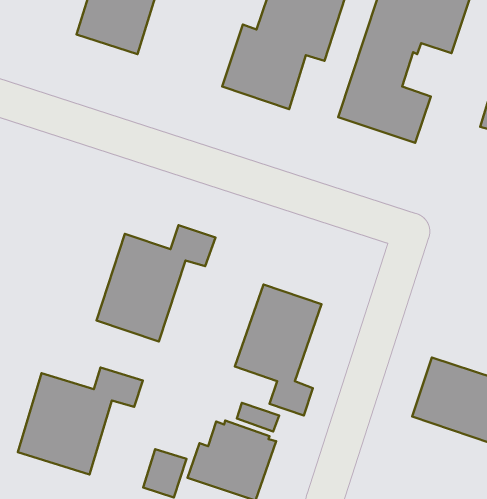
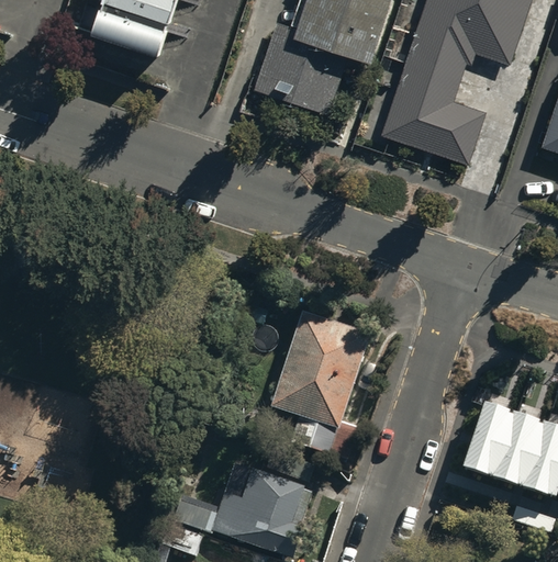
building: [96,225,215,342] -> none
building: [18,367,143,475] -> none

